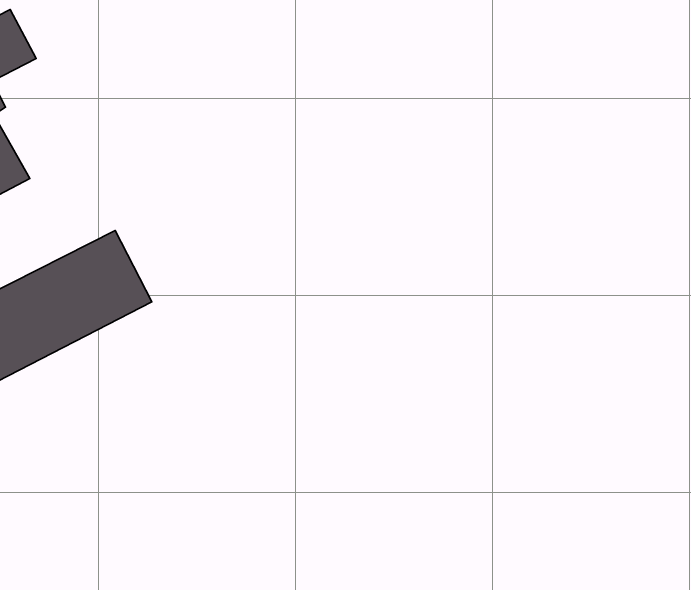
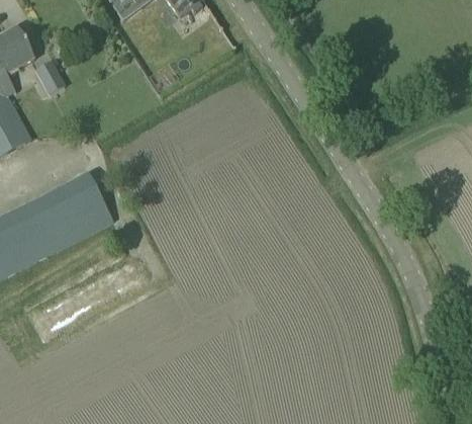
building: none -> [33,60,64,94]

